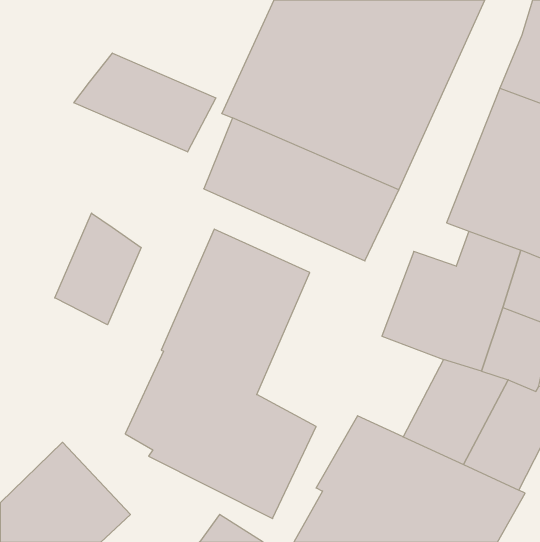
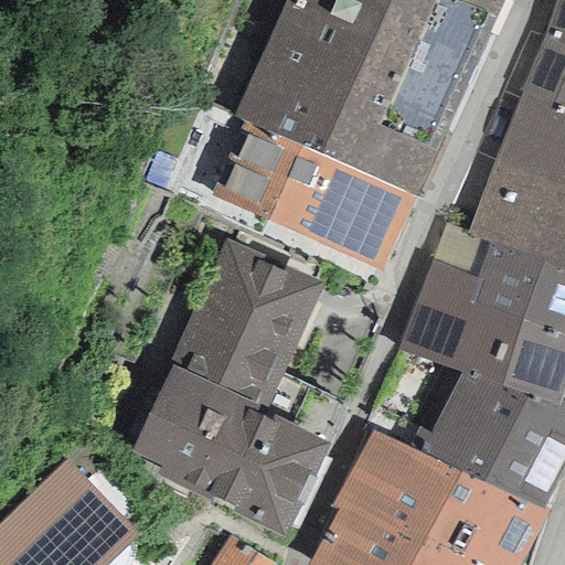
building: [74,53,216,152] -> none
building: [55,213,141,325] -> none

